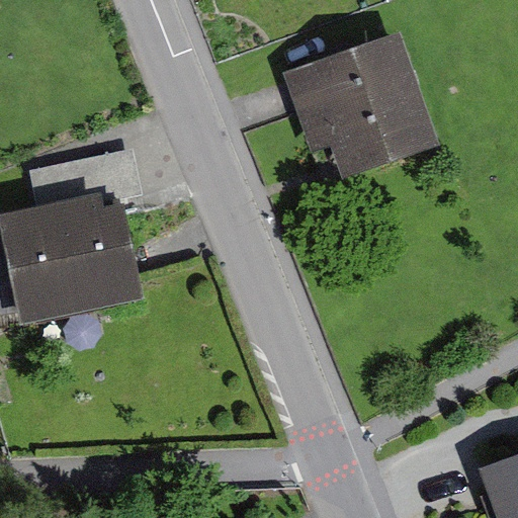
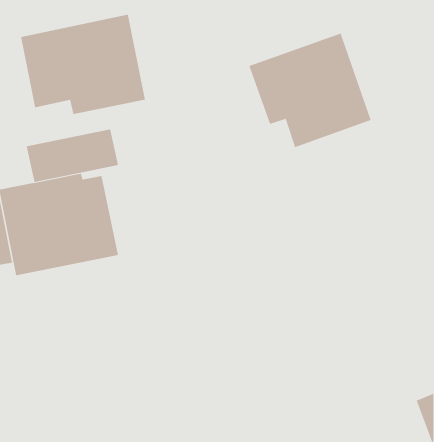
building: none -> [21,14,146,115]

